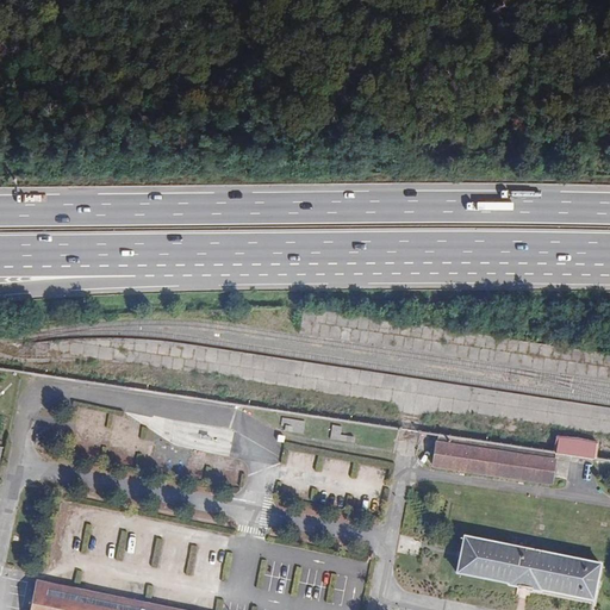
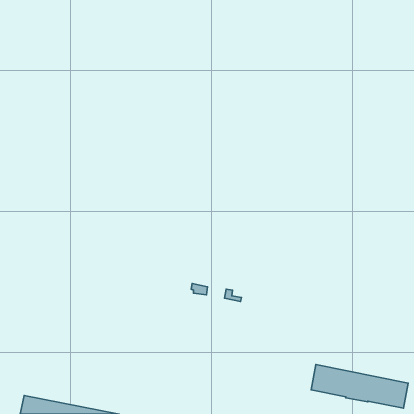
building: [434,435,598,484] -> none

